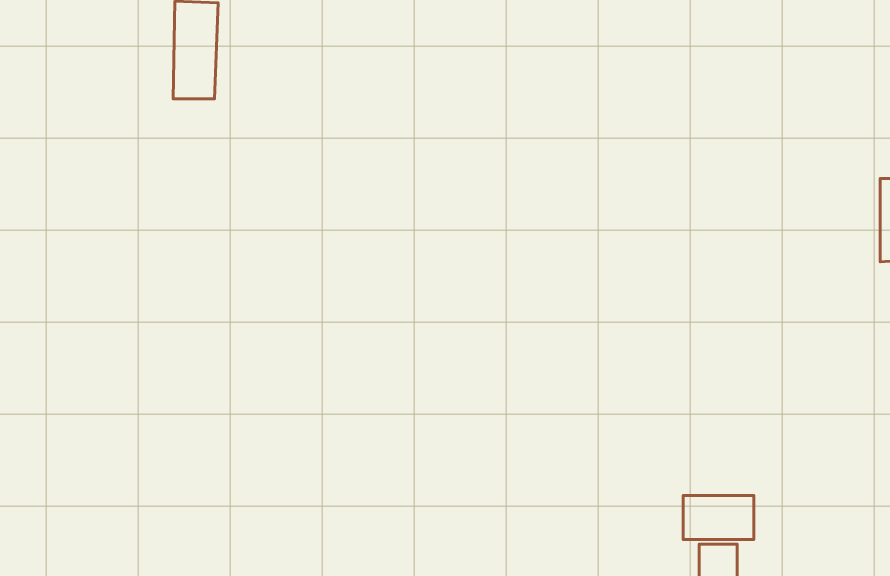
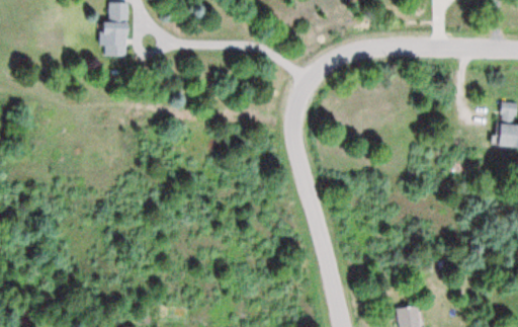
building: [683,495,754,539] -> none

